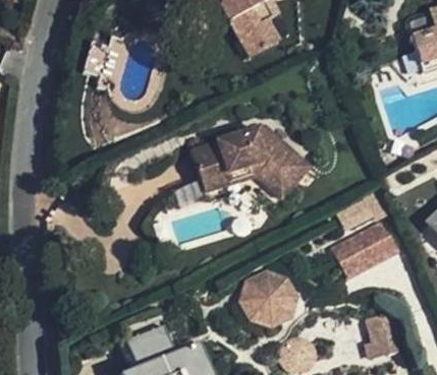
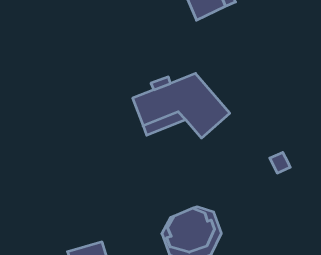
building: [333,223,395,276] -> none

